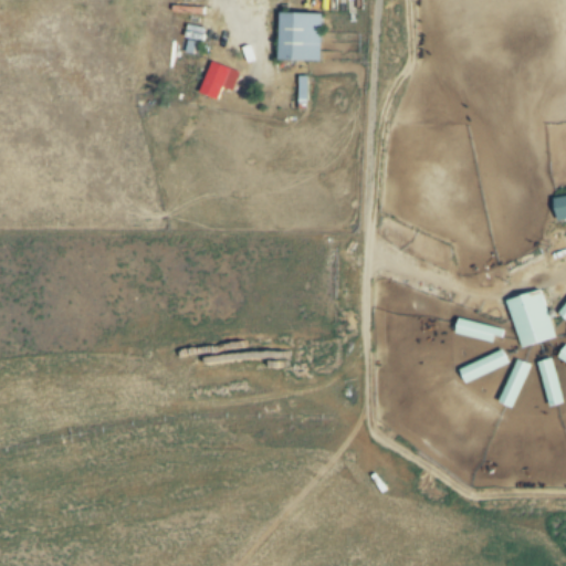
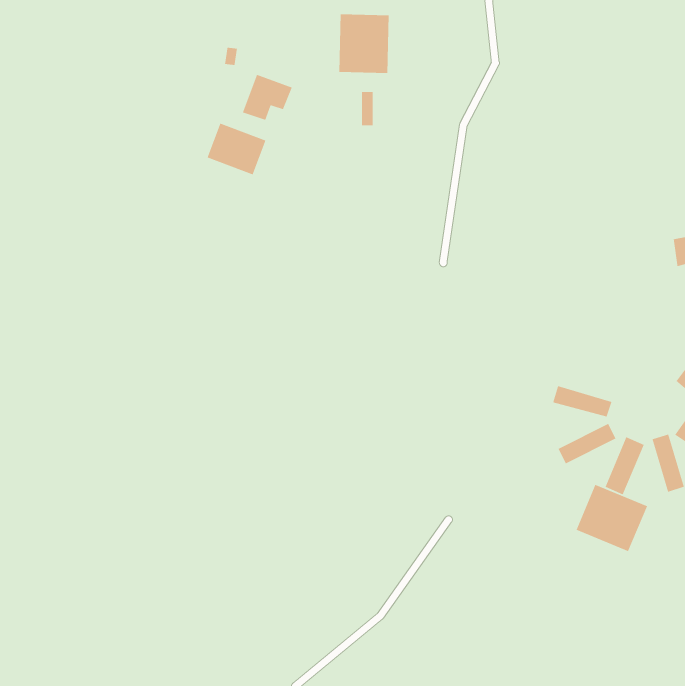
building: none -> [206,123,266,176]
building: [505,289,555,348] -> none
building: none -> [575,484,648,552]

